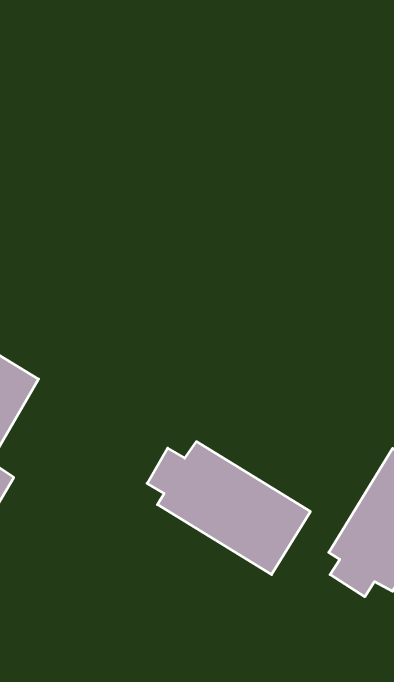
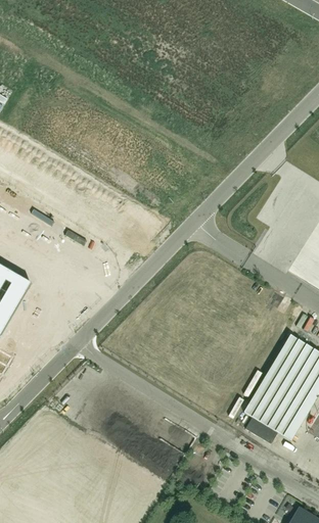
building: [147,442,310,575] -> none

